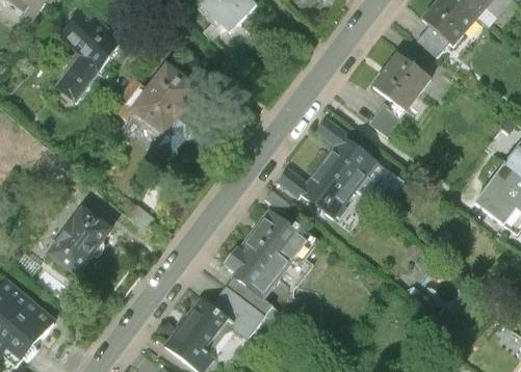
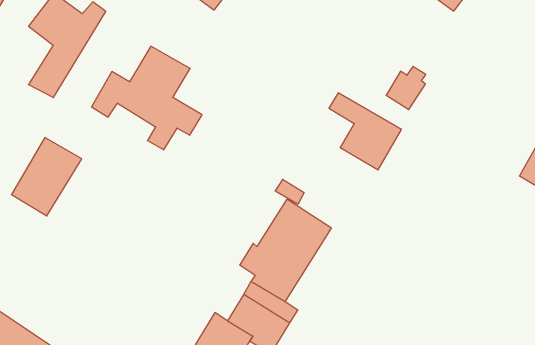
building: [372,54,428,110] -> none
building: [278,166,355,219] -> none
building: [49,207,113,275] -> [11,138,82,216]

